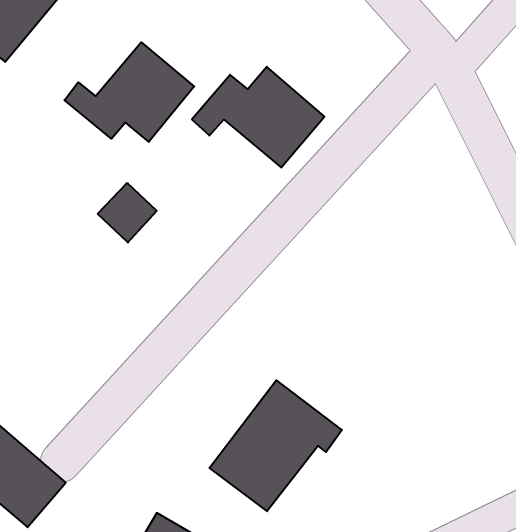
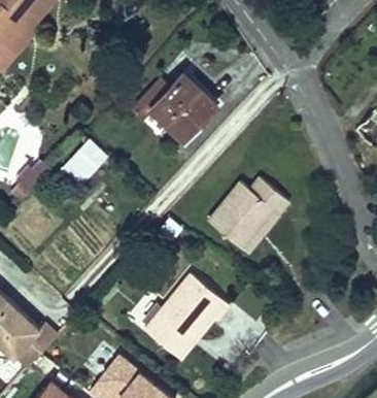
building: [64,42,194,142] -> none
building: none -> [212,176,289,256]

